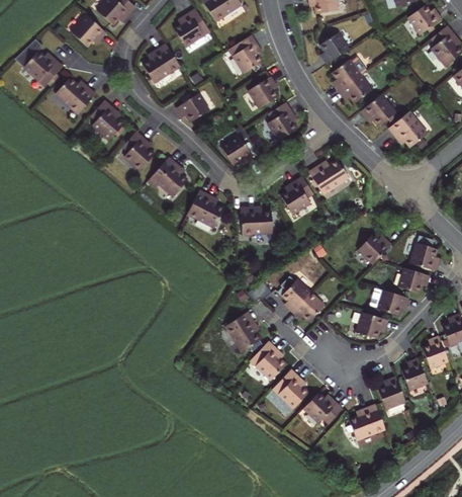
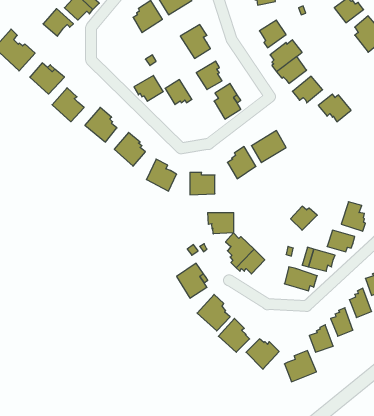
building: [147,47,180,83] -> none
building: [221,132,252,160] -> [165,80,192,105]
building: none -> [208,213,234,234]

